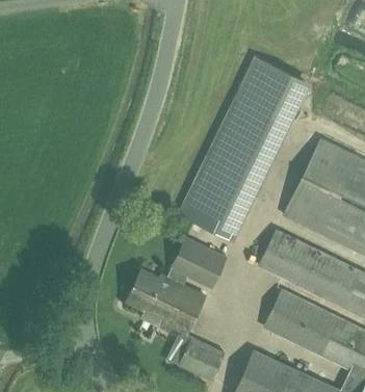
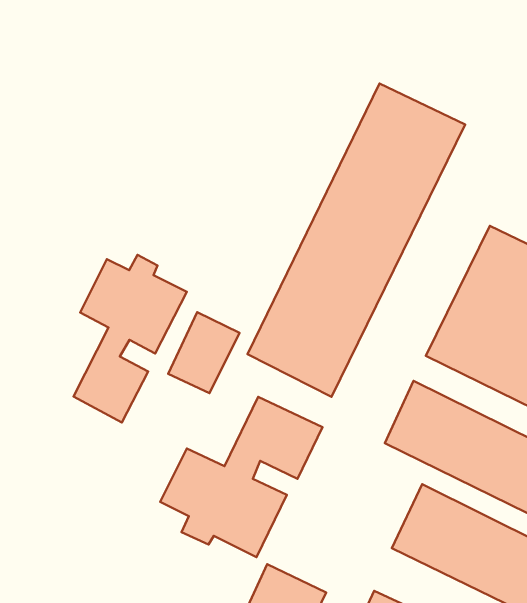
building: none -> [73,255,187,422]
building: none -> [168,312,239,393]

